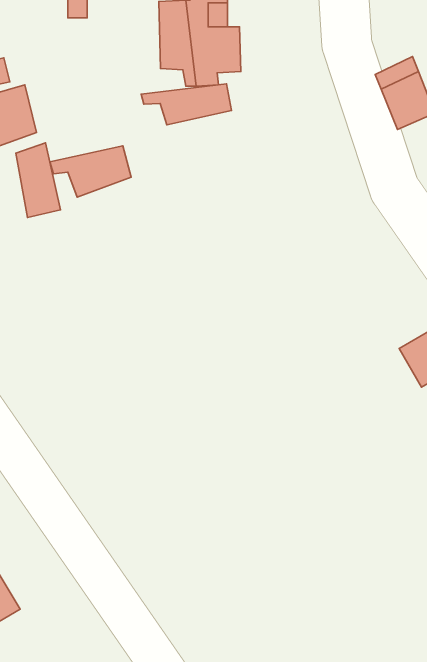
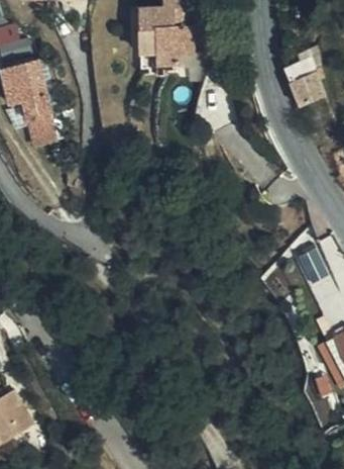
building: [141,84,232,125] -> none
building: [50,146,131,197] -> none

